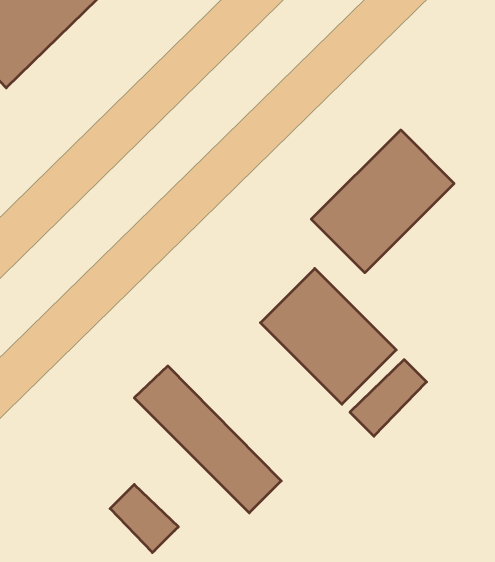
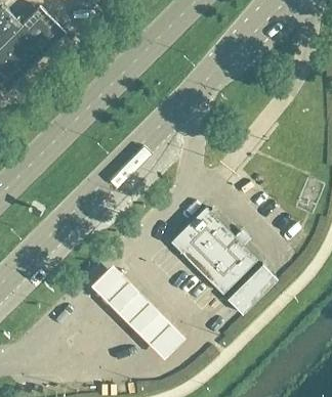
building: [311,130,454,273] -> none
building: [110,484,178,553] -> none

